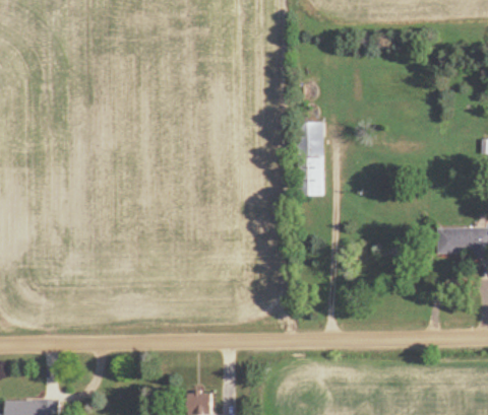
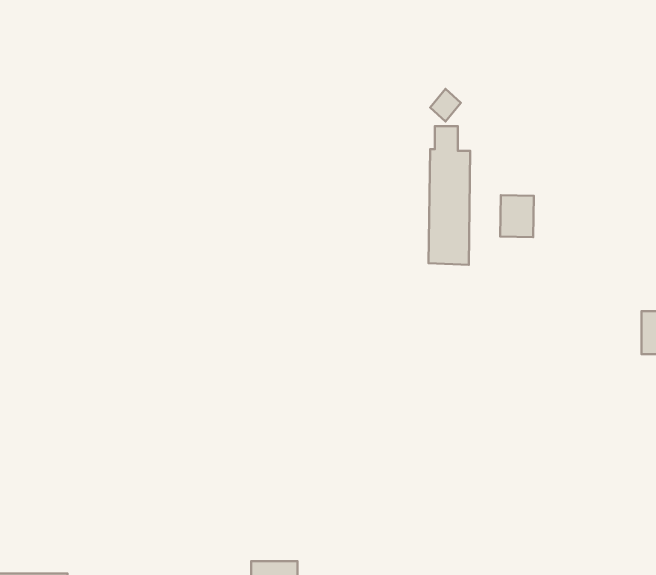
building: none -> [500,195,534,237]

